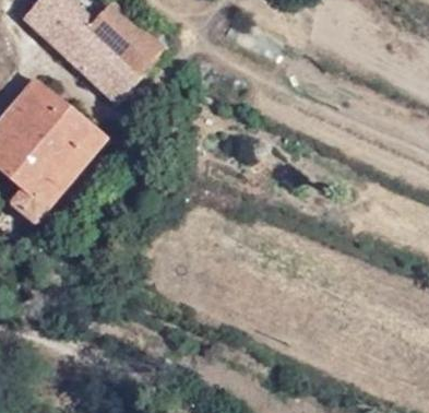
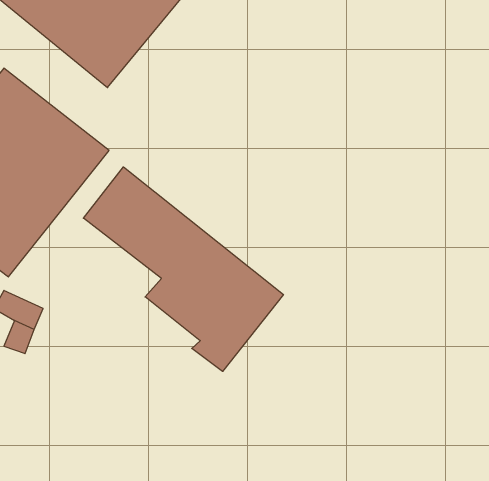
building: none -> [83,167,283,371]

